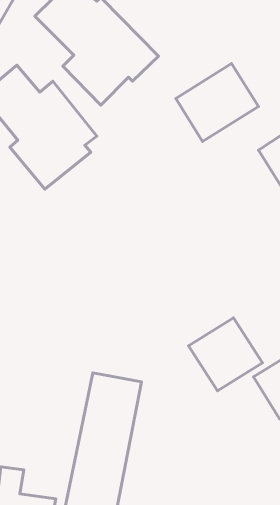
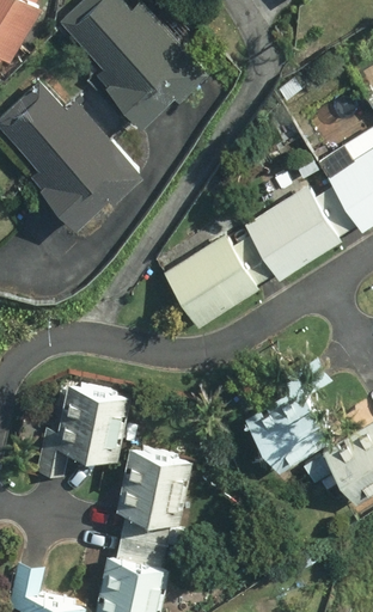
building: [176,64,259,142] -> [243,189,342,282]
building: none -> [163,237,259,330]
building: none -> [38,382,126,475]

